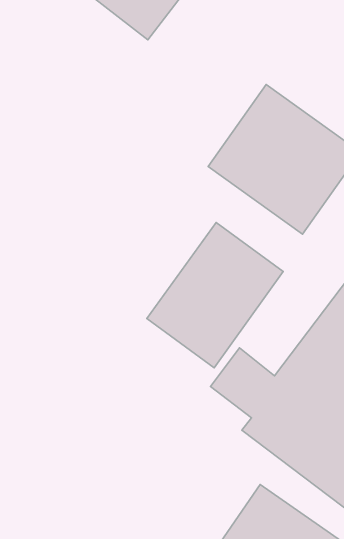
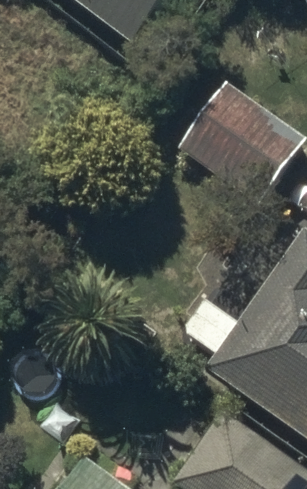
building: [147,222,283,368] -> none

